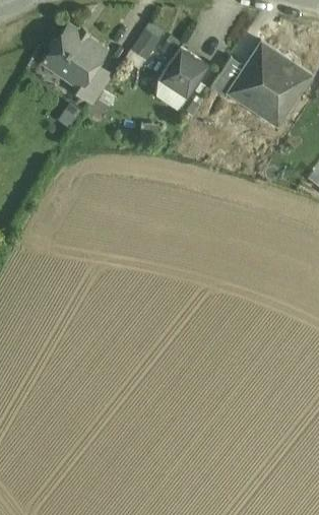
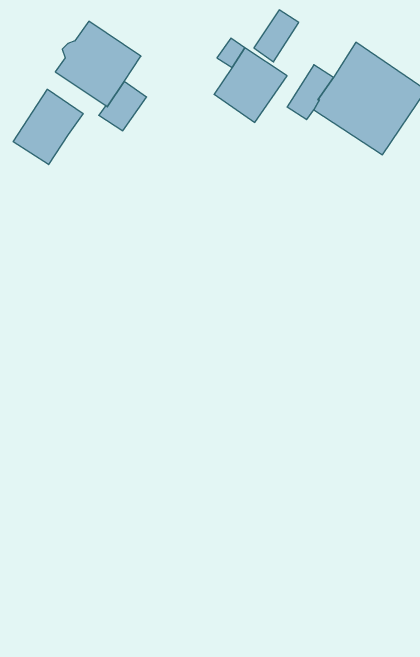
building: [129,23,162,61] -> [254,10,299,62]
building: none -> [13,89,83,165]

